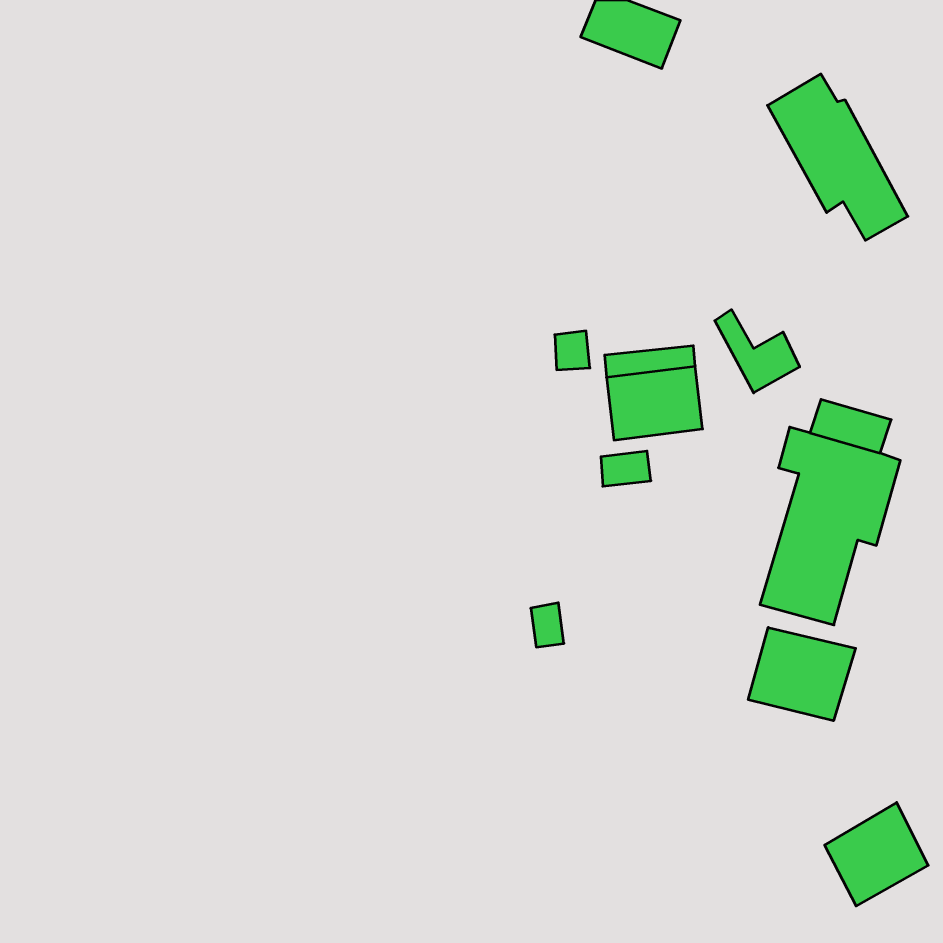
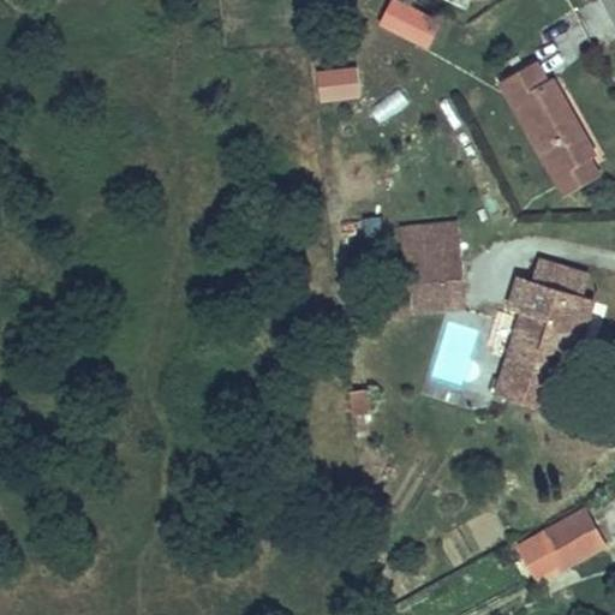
building: none -> [315,65,360,100]
building: [715,310,800,393] -> [537,132,592,186]
building: [748,627,856,721] -> none

